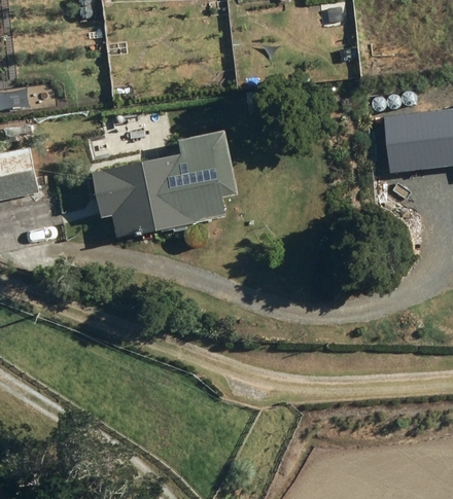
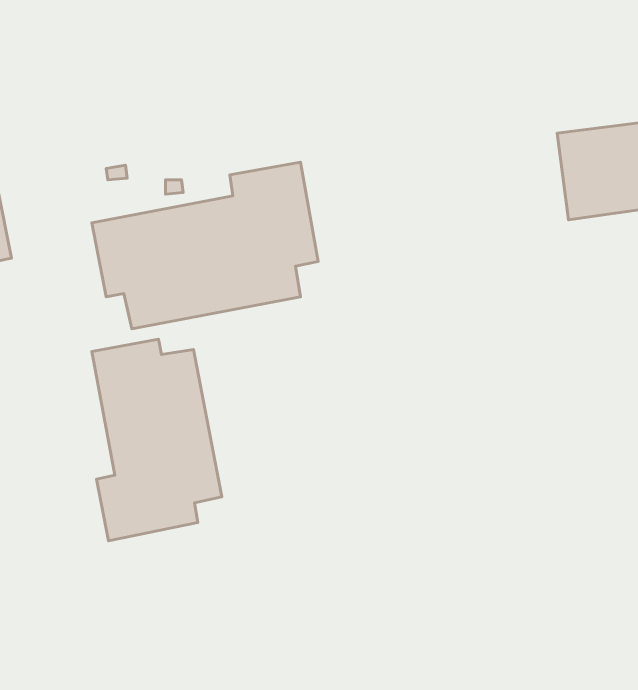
building: none -> [92,339,222,541]

